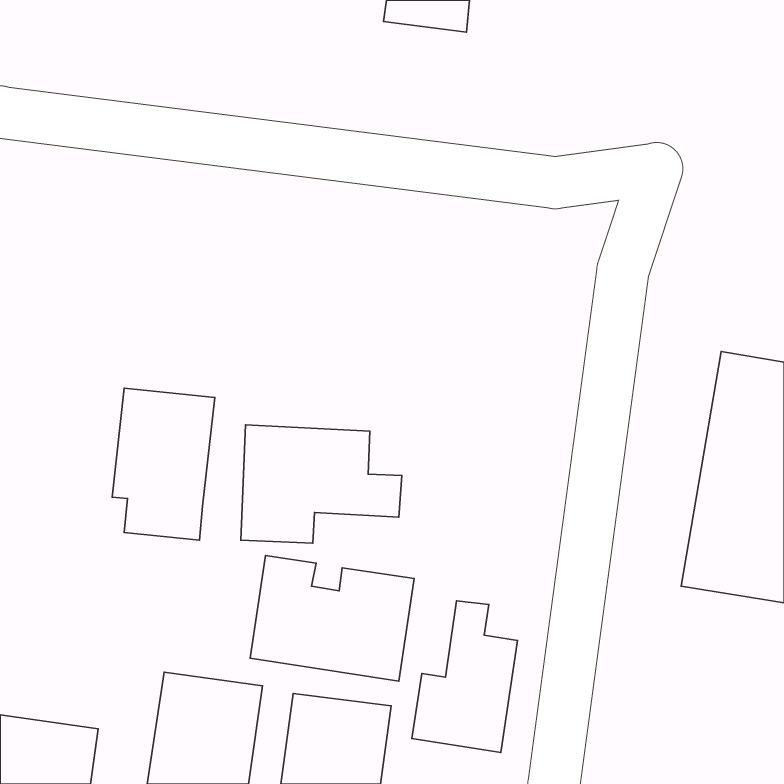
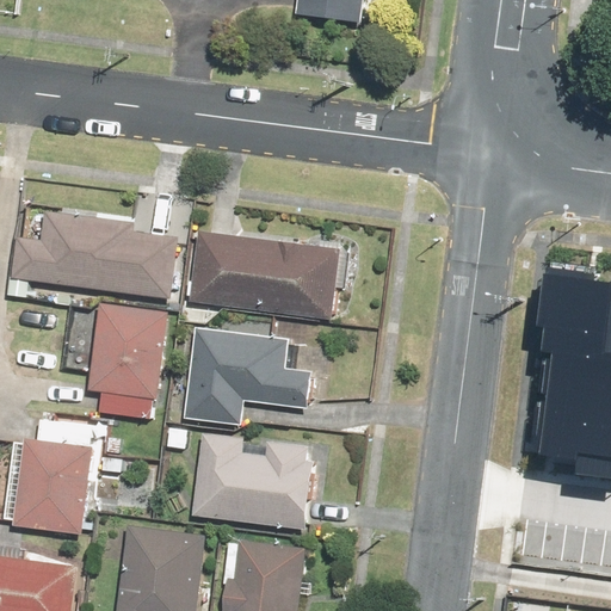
building: none -> [7,204,185,301]
building: none -> [191,232,344,321]
building: none -> [12,418,95,537]
building: [412,601,517,753] -> none

